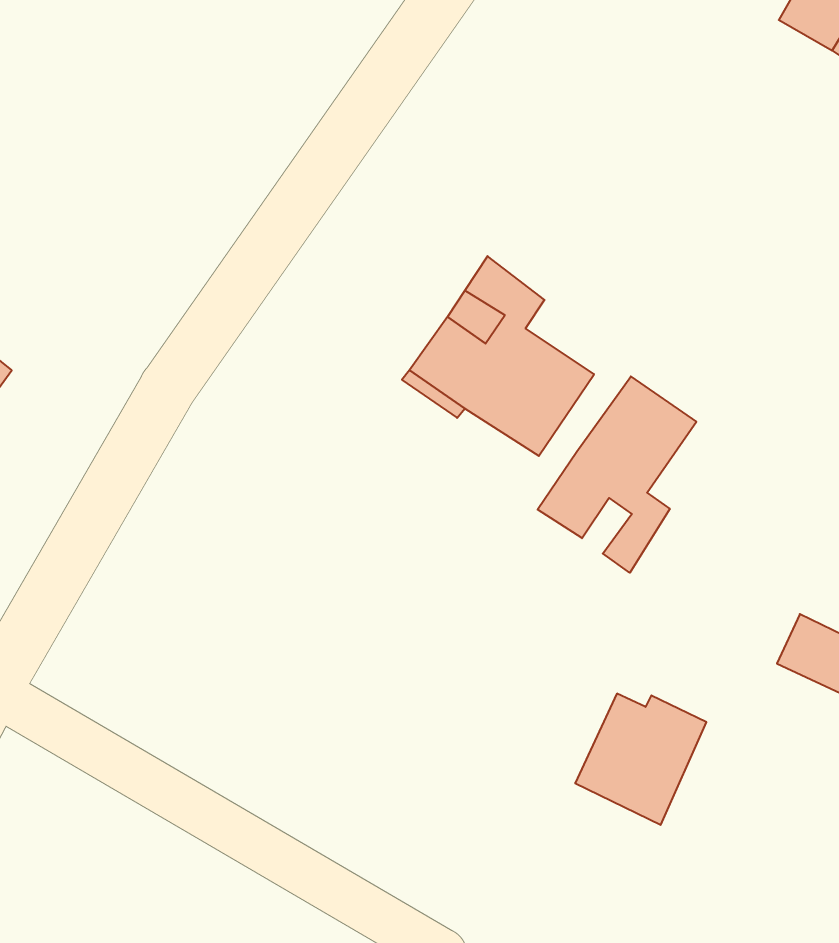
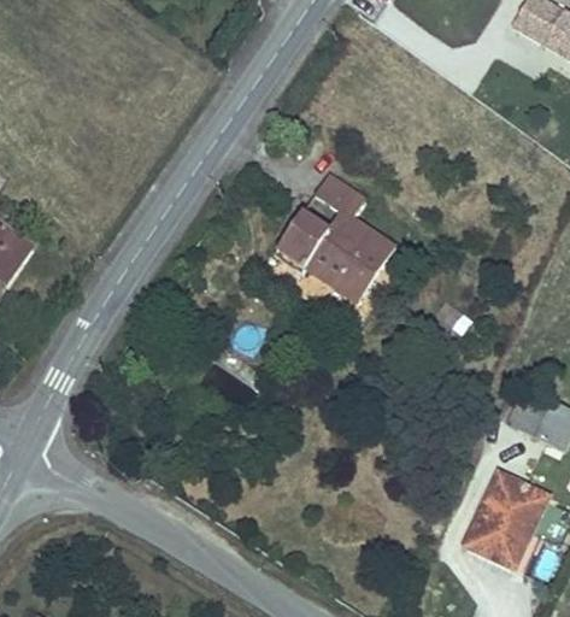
building: [538,376,696,573] -> none
building: [575,694,706,825] -> [462,486,545,569]

